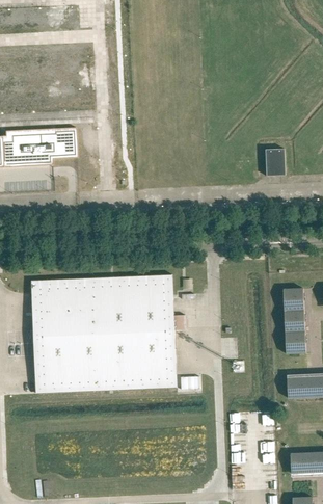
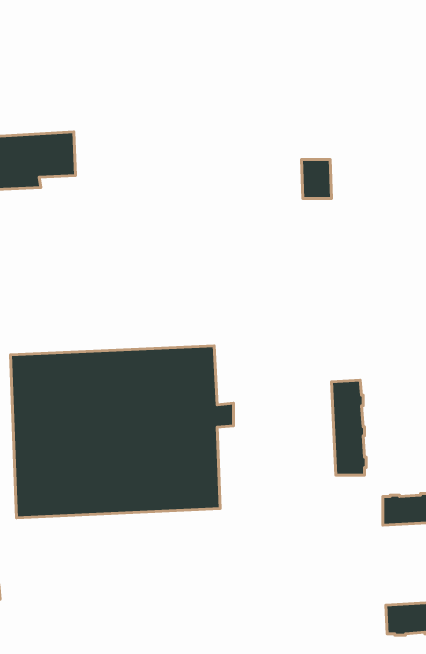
building: [265,149,286,176] -> [301,159,332,199]
building: [282,288,306,353] -> [331,380,366,475]

